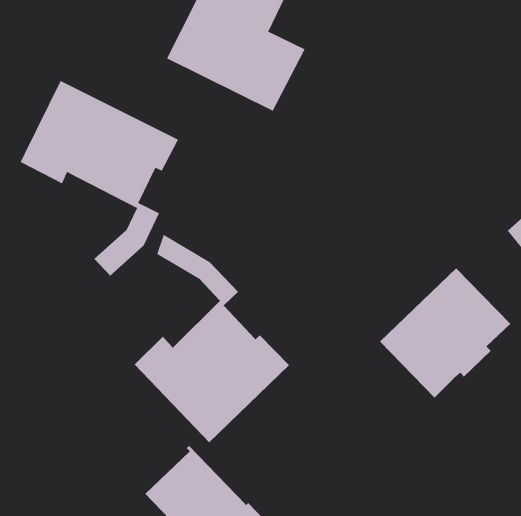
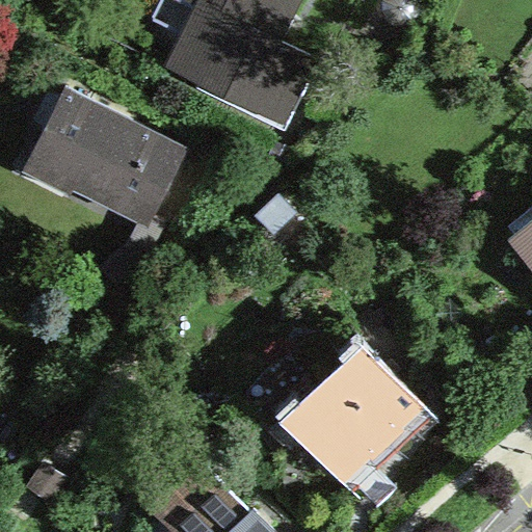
building: [134,234,290,443] -> none
building: [379,268,511,399] -> [286,347,418,478]

